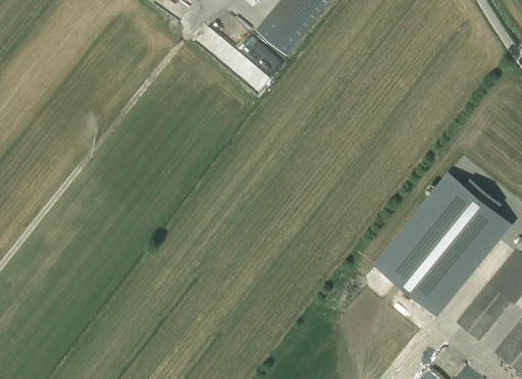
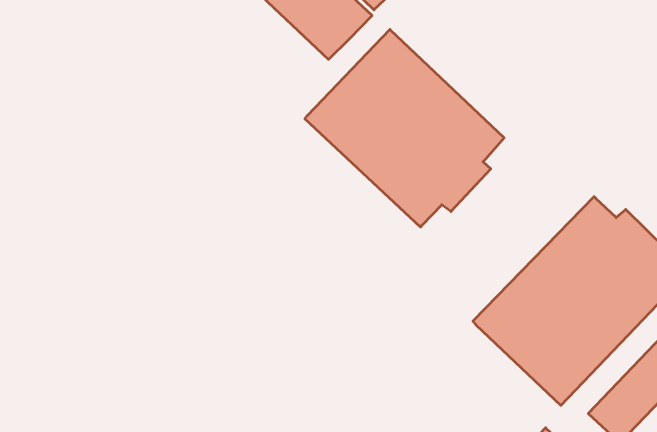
building: none -> [305,29,504,227]

